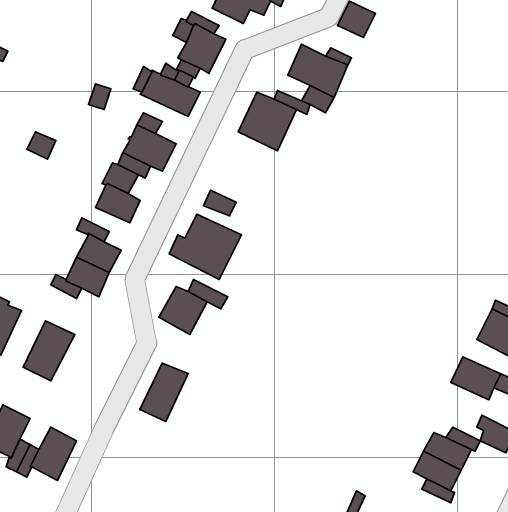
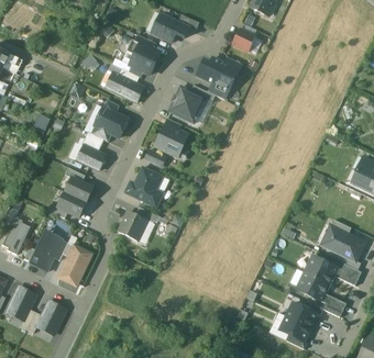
building: none -> [156,124,187,154]
building: [140,363,188,422] -> [59,246,90,283]
building: none -> [296,271,328,300]

